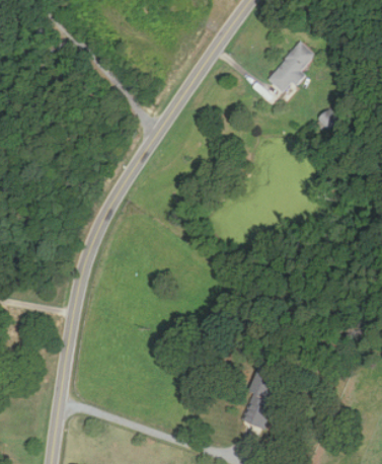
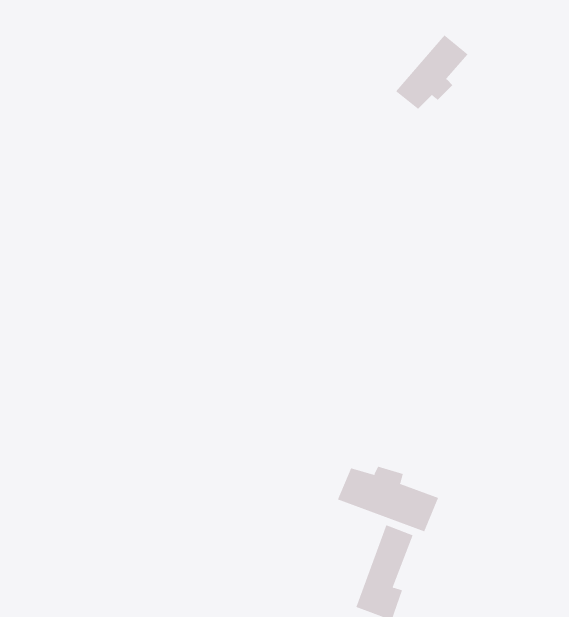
building: none -> [337,466,439,532]

